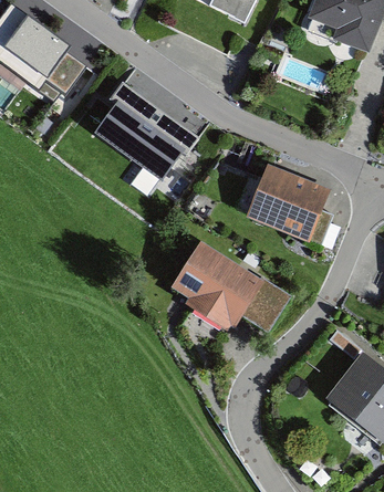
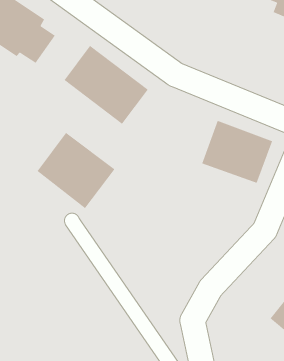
building: none -> [37,132,115,209]
building: [181,245,290,331] -> none

